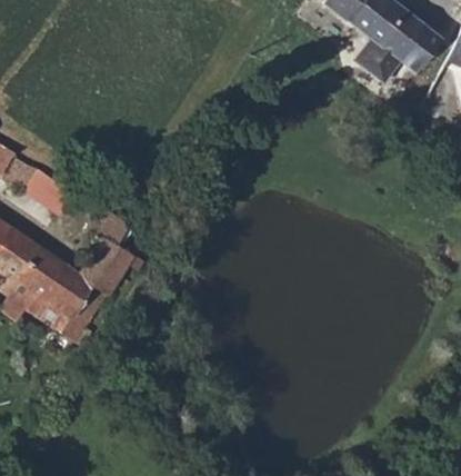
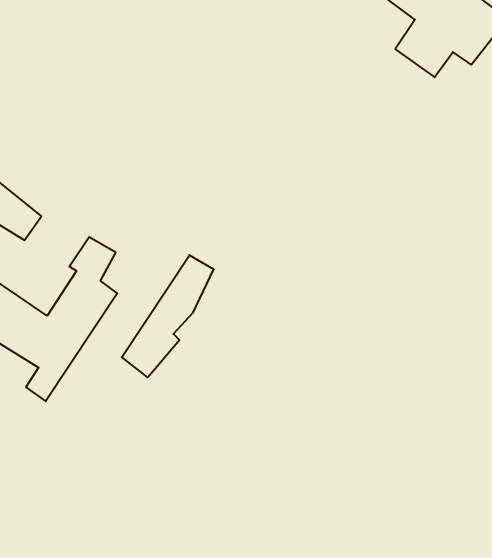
building: none -> [122,255,214,377]

